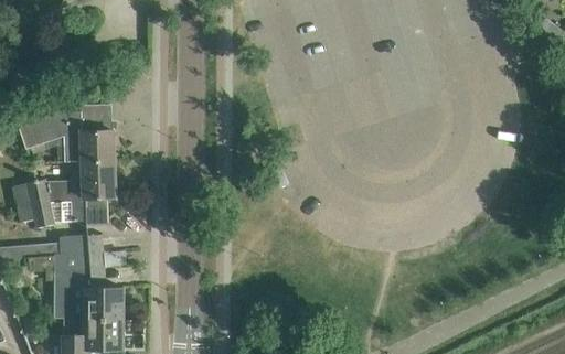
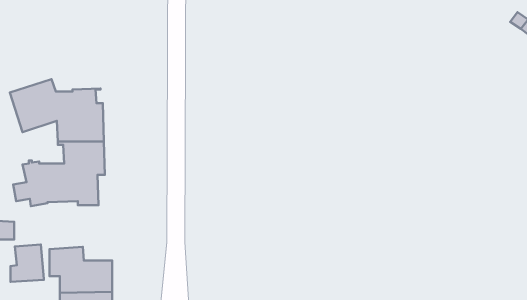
building: [56,234,92,273] -> [11,244,44,282]

